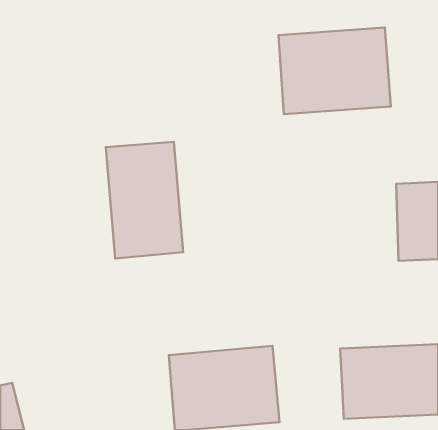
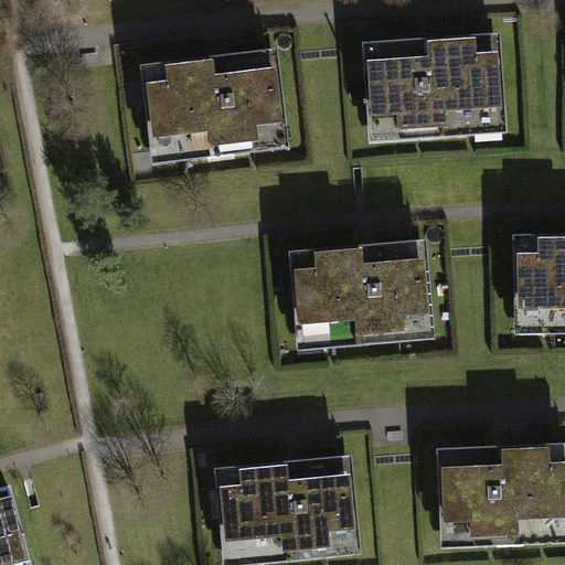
building: none -> [145,51,296,162]
building: [106,142,183,258] -> none
building: none -> [286,237,434,353]

